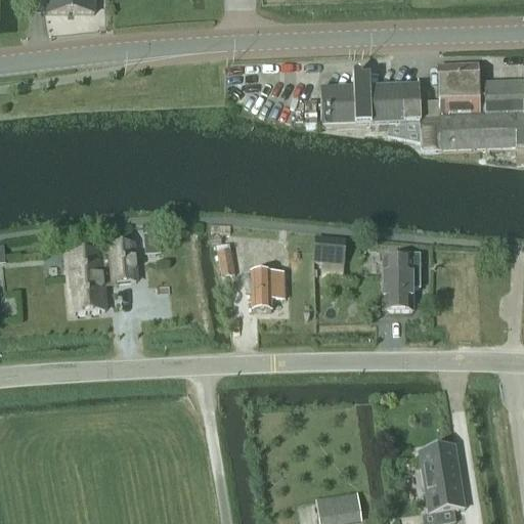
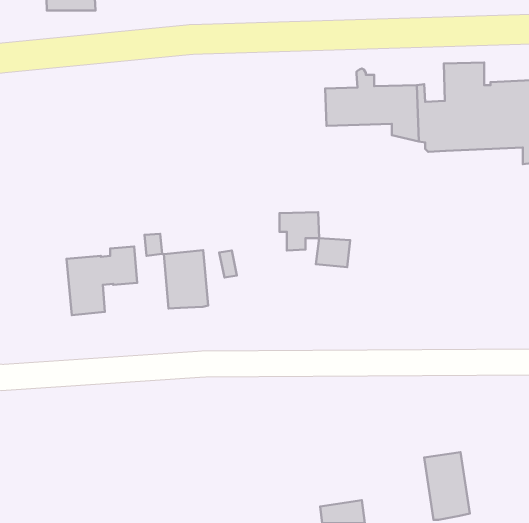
building: none -> [164,250,208,309]
building: [383,251,421,308] -> none
building: [246,270,285,308] -> [280,212,319,251]

